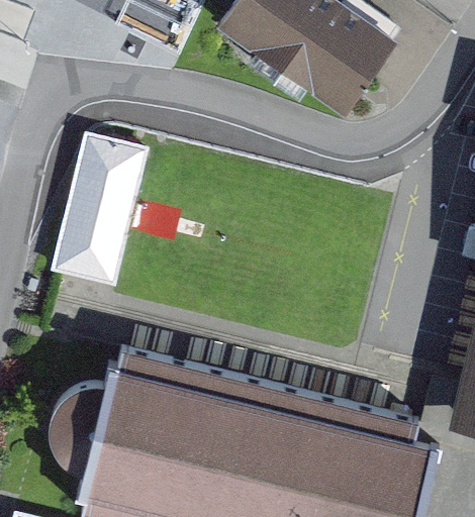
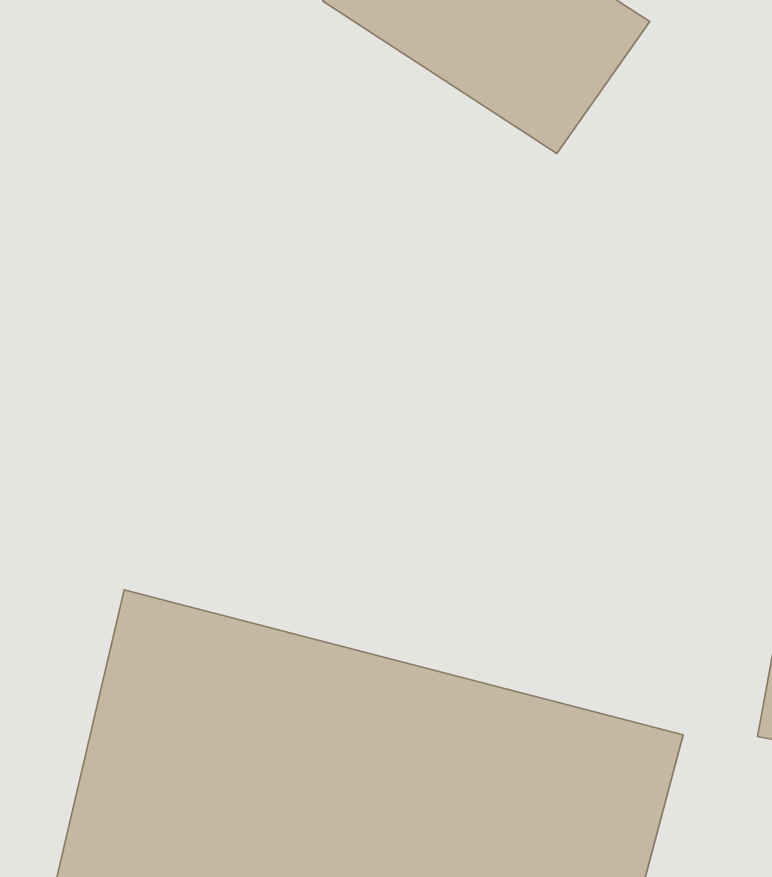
building: [49,132,149,284] -> none

